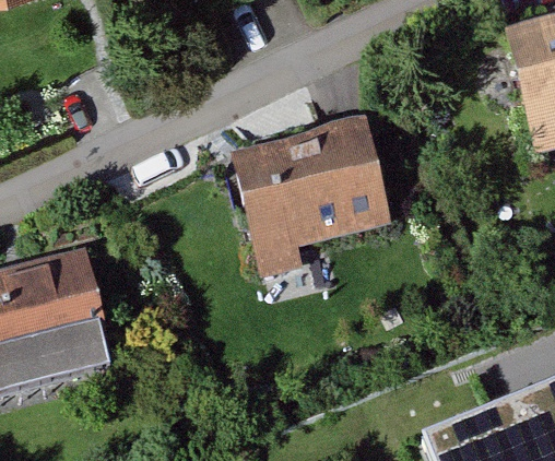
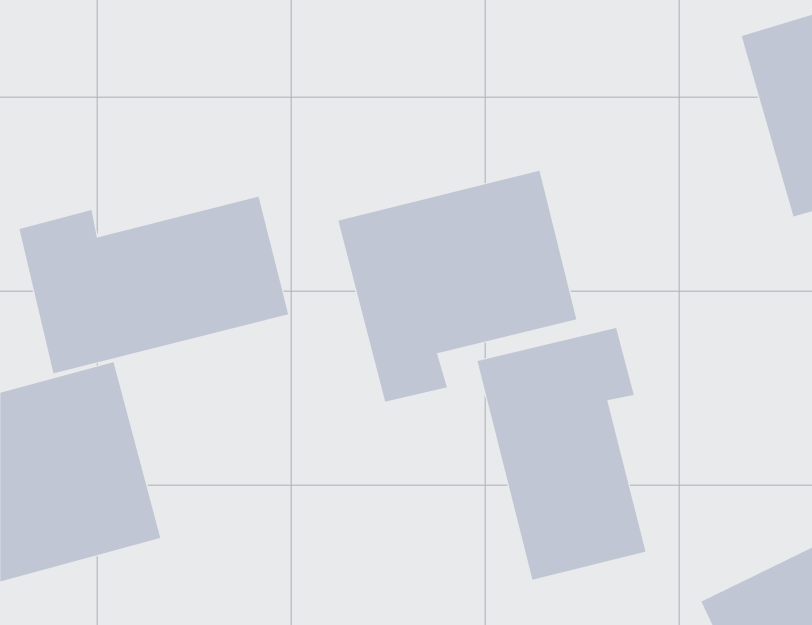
building: none -> [19,196,289,374]
building: none -> [477,327,646,581]

